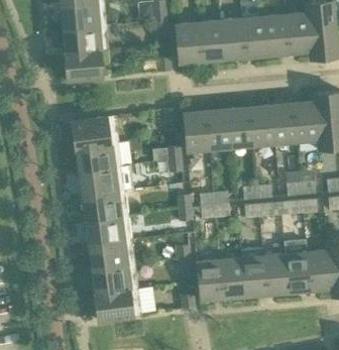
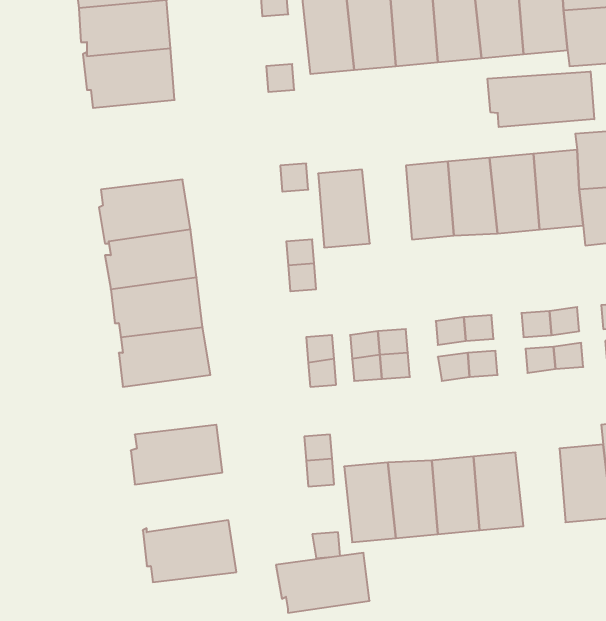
building: none -> [488,71,594,127]
building: [204,109,229,148] -> none
building: [83,215,130,245] -> none
building: [281,252,307,291] -> none
building: [89,264,136,295] -> [276,553,370,613]

